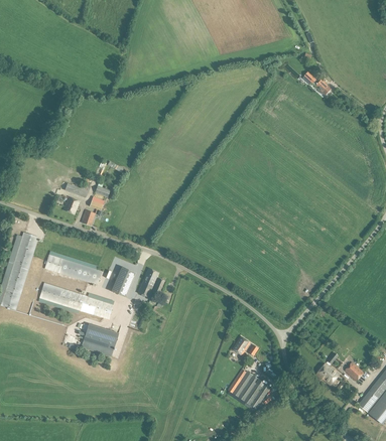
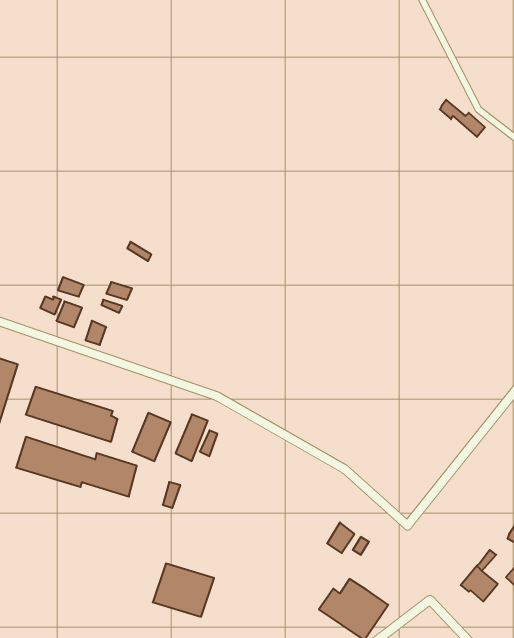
building: [81,323,119,356] -> [153,564,214,617]

